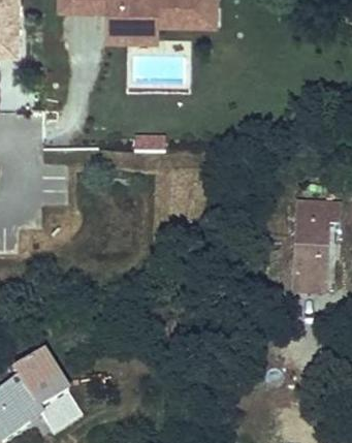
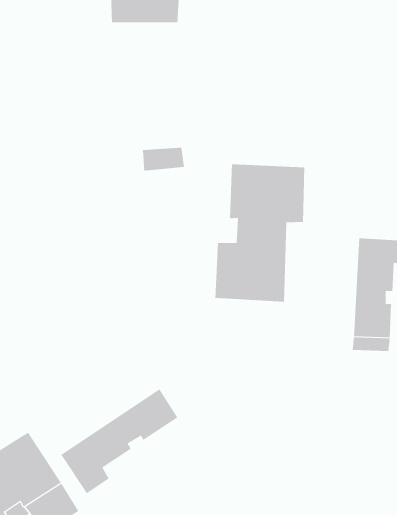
building: none -> [215,163,305,302]
building: none -> [60,388,178,494]

